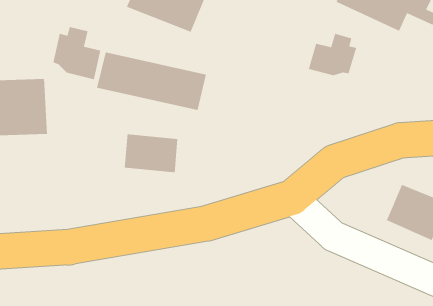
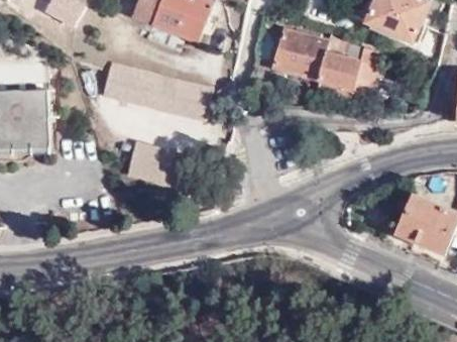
building: none -> [269,28,328,80]
building: [52,26,101,80] -> none

